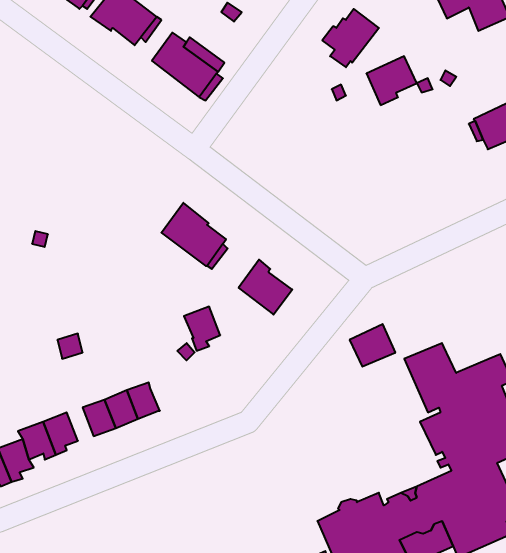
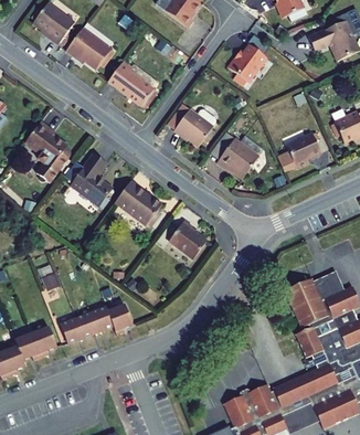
building: [366,56,417,105] -> [286,132,321,167]
building: none -> [167,107,218,146]
building: none -> [24,121,70,182]
building: none -> [216,138,260,179]
building: none -> [65,152,113,205]
building: [184,307,220,351] -> [107,304,133,335]
building: [350,324,395,367] -> [313,269,345,299]

